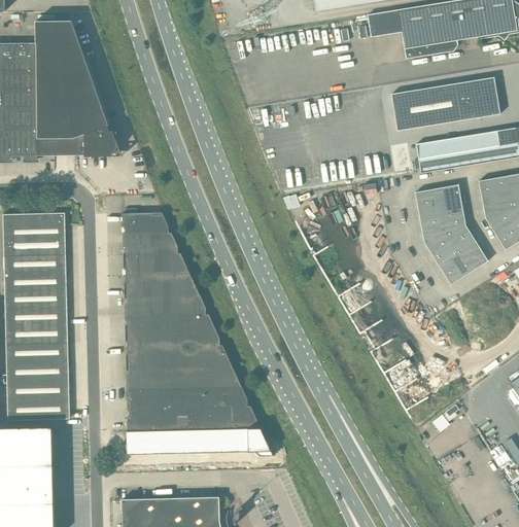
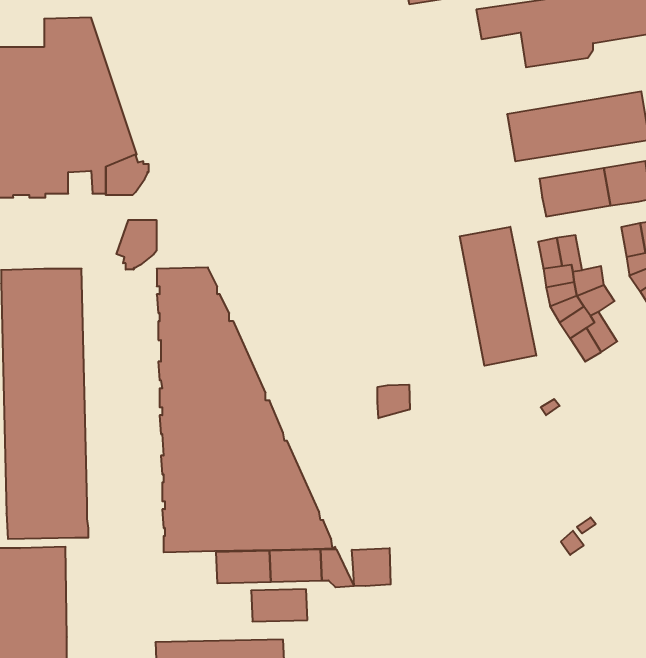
building: none -> [116,220,156,270]
building: none -> [460,227,536,366]
building: [443,183,462,213] -> none
building: [460,237,487,268] -> none
building: none -> [378,385,410,418]
building: none -> [352,548,391,586]
building: [125,429,168,454] -> [251,589,307,621]

